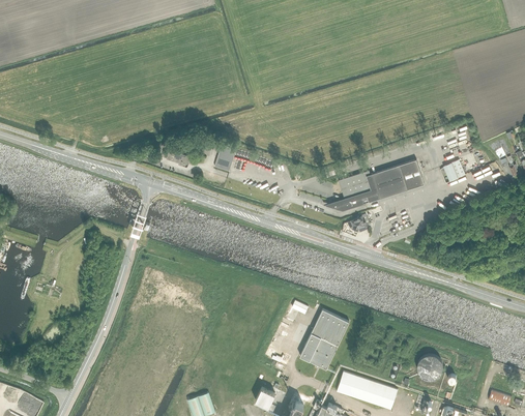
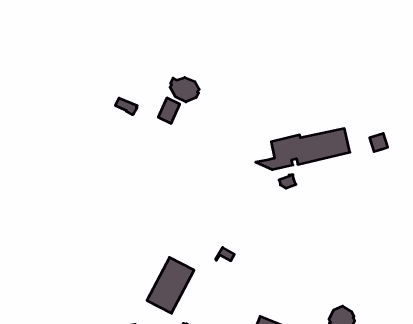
building: none -> [170,77,199,102]
building: [301,309,349,369] -> [147,257,194,313]

